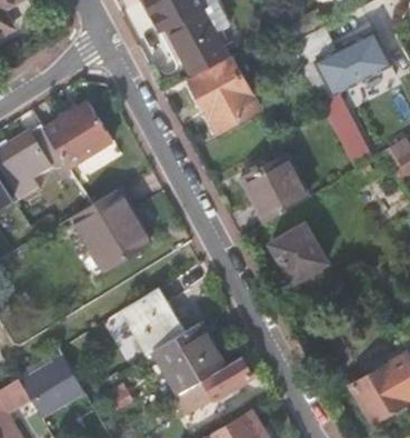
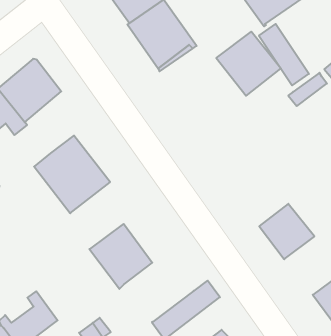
building: [240,157,307,223] -> [216,32,281,96]
building: [270,225,327,282] -> [259,204,314,259]
building: [153,325,226,395] -> none

